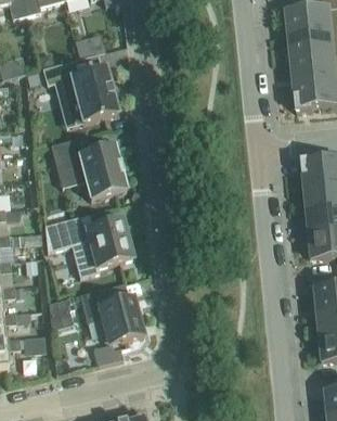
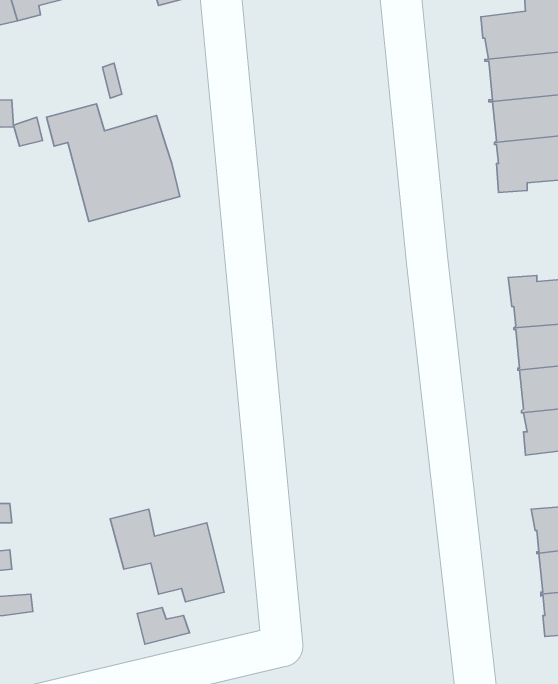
building: [51,137,126,199] -> none
building: [44,218,132,277] -> none
building: [49,296,75,329] -> none

